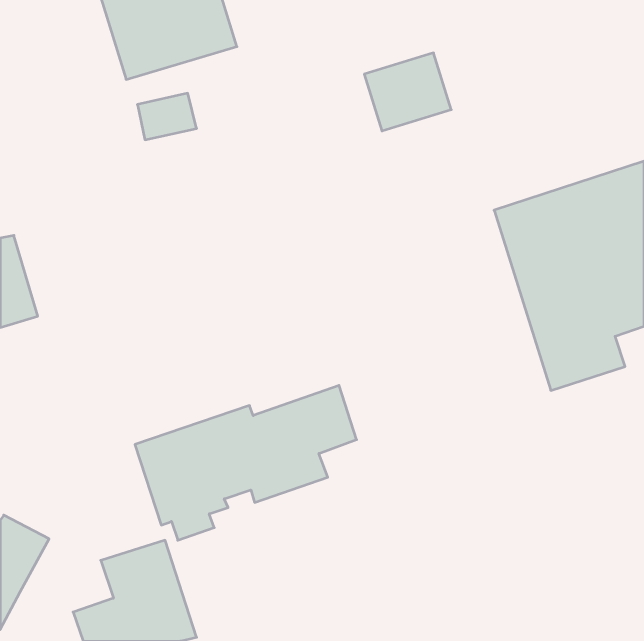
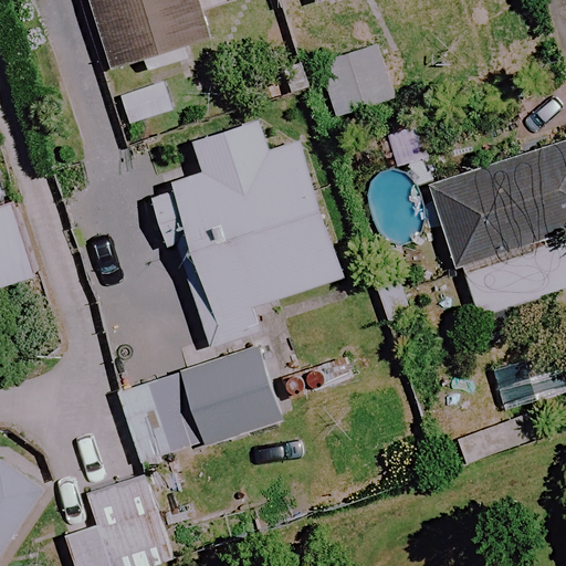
building: none -> [160,118,346,346]

